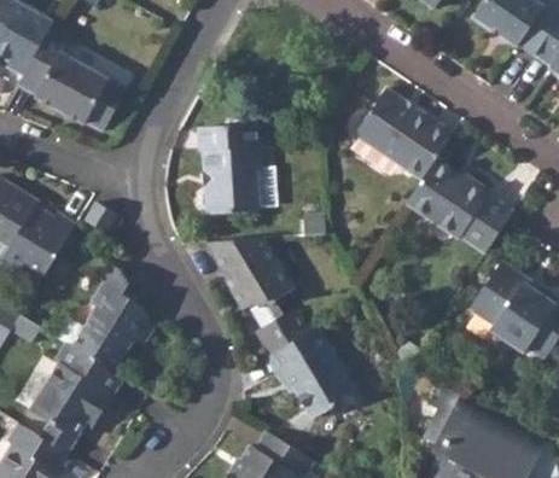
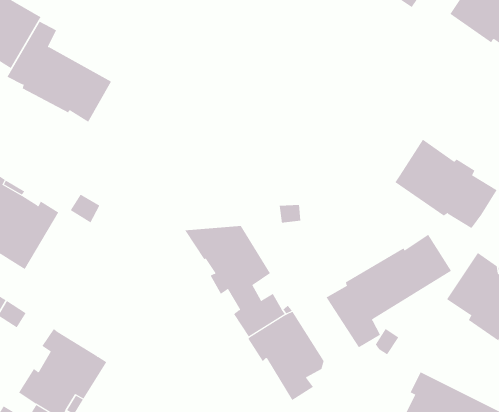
building: [356,94,454,185] -> none
building: [199,121,260,214] -> none
building: none -> [326,234,452,348]
building: [70,266,153,372] -> none

